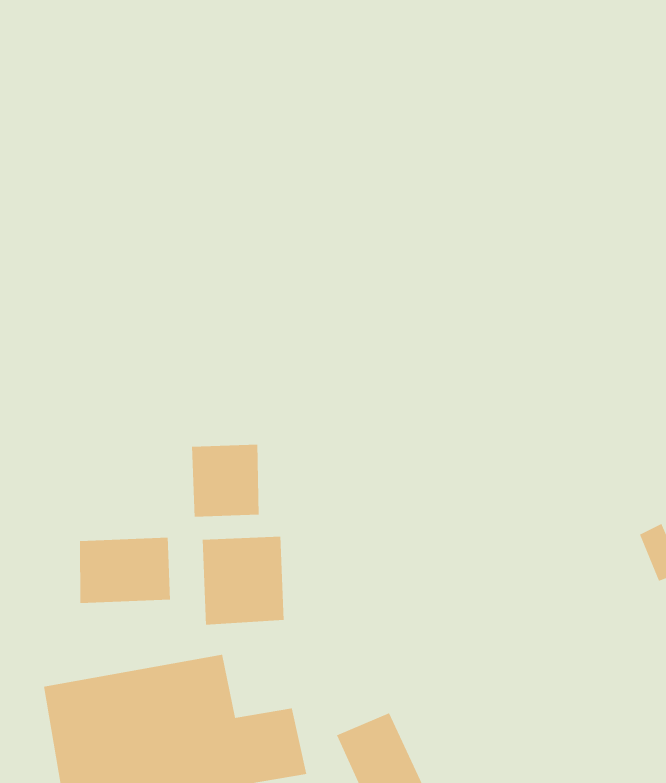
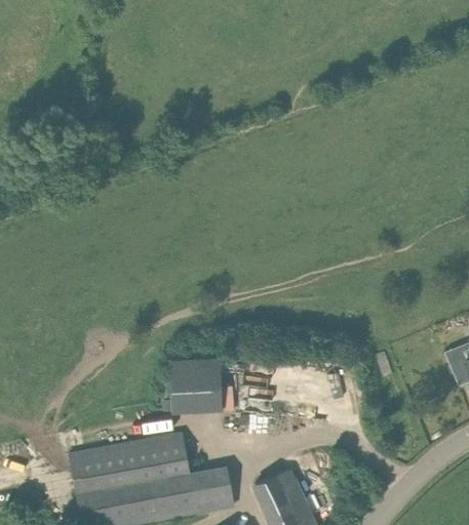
building: [192,444,259,518] -> none
building: [79,537,170,604] -> none

